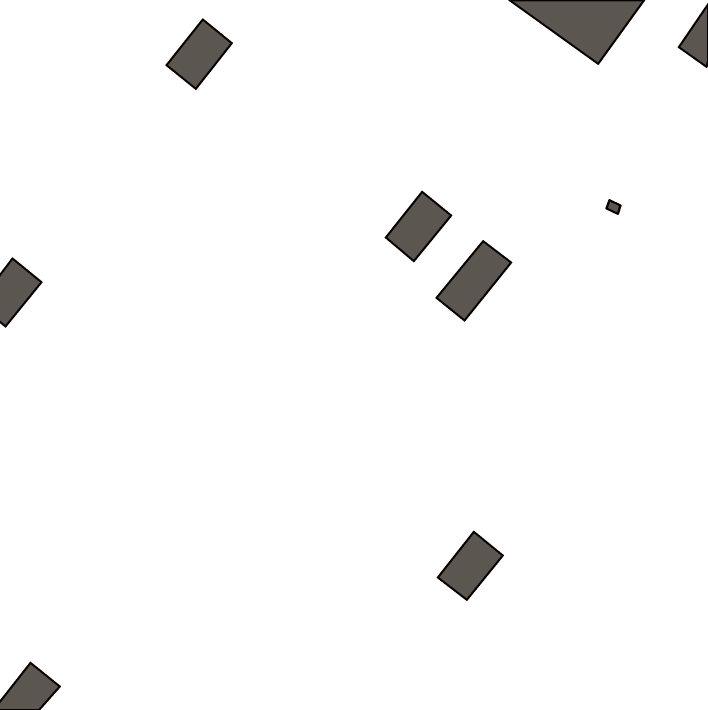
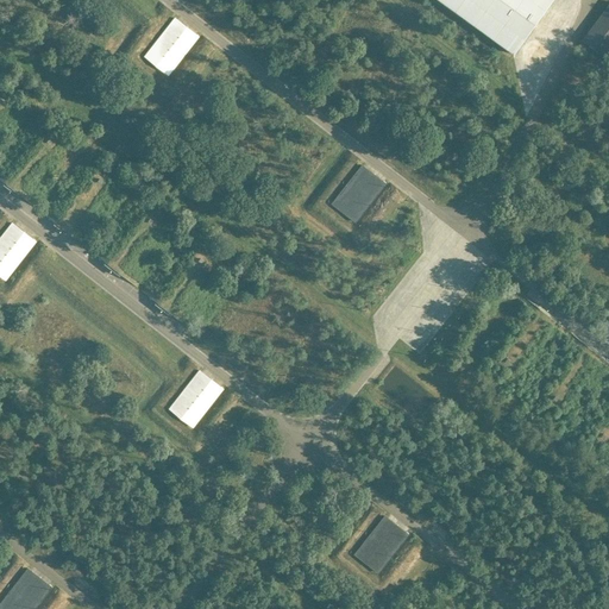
building: [436,241,511,321] -> none
building: none -> [168,369,224,428]
building: [438,532,503,600] -> [353,515,409,573]

